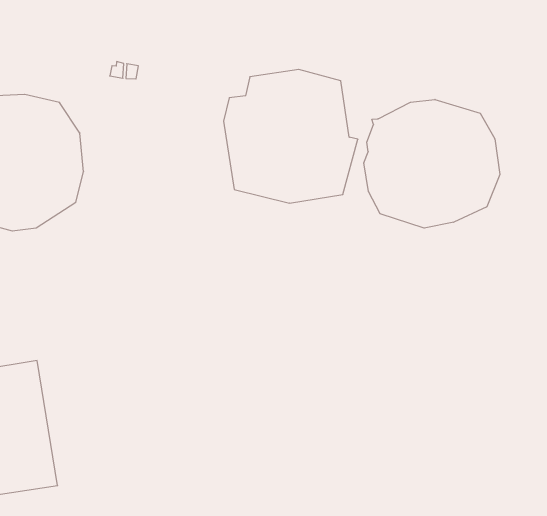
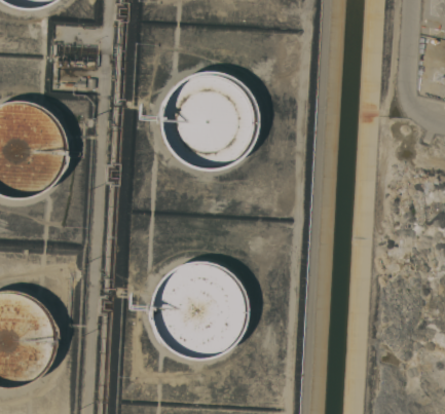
building: [364,99,500,228] -> none
building: none -> [159,259,253,353]

